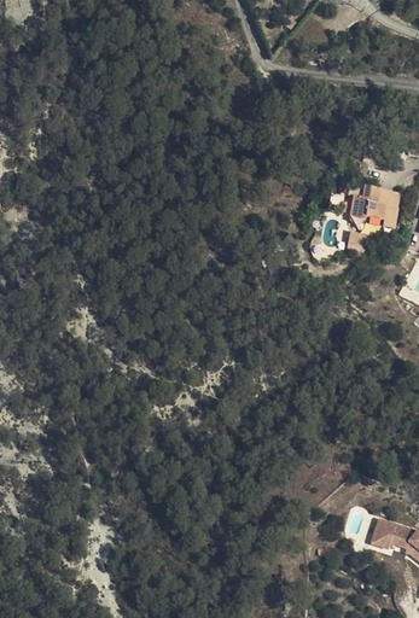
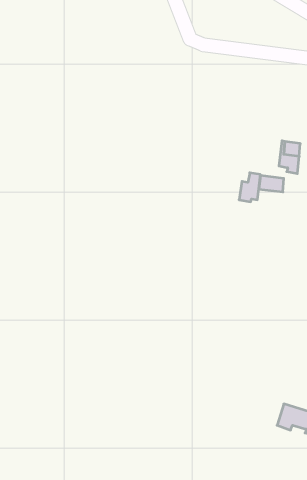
building: [349,185,376,221] -> [239,173,260,202]

